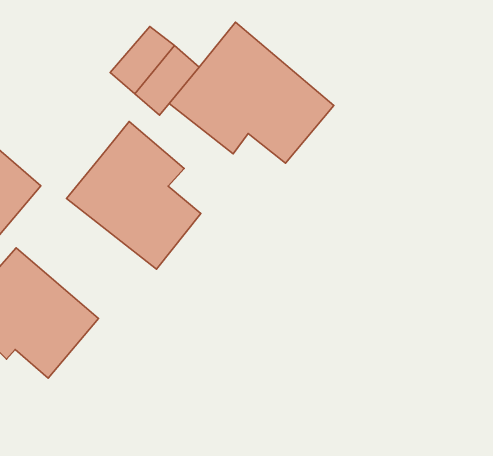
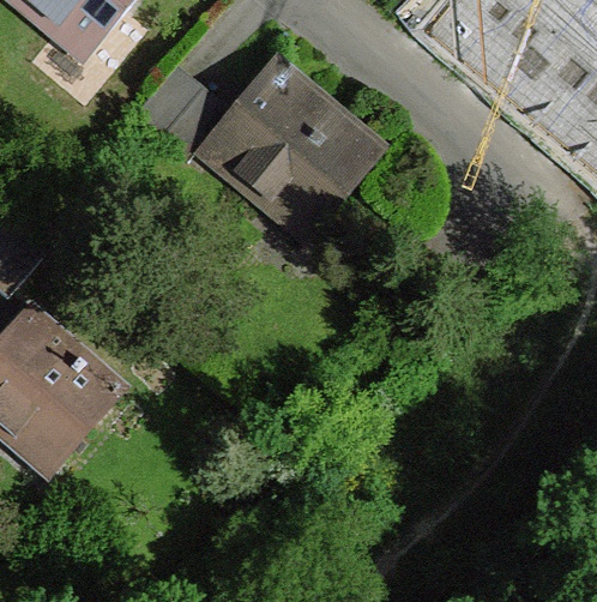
building: [66,122,201,269] -> none

